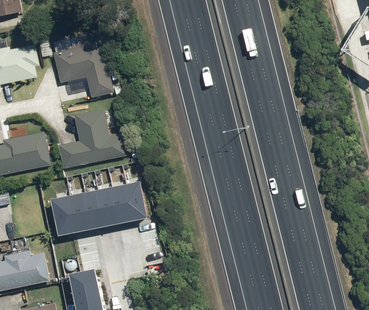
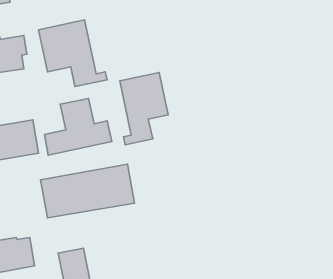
building: none -> [120,72,168,145]

